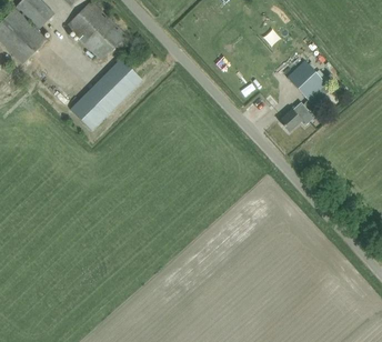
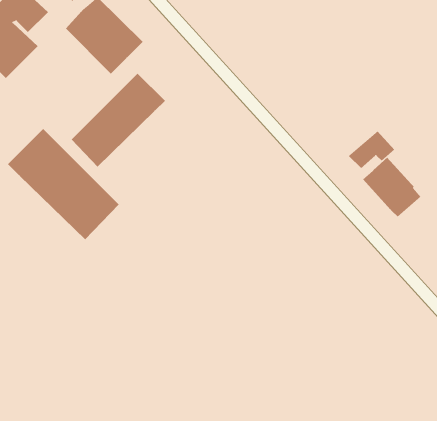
building: [286,60,331,105] -> [362,157,421,217]
building: none -> [7,128,119,240]

